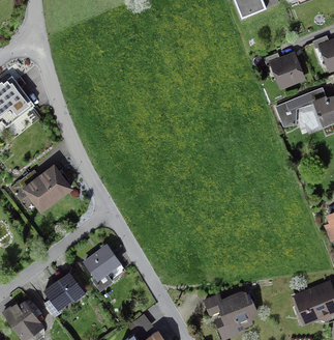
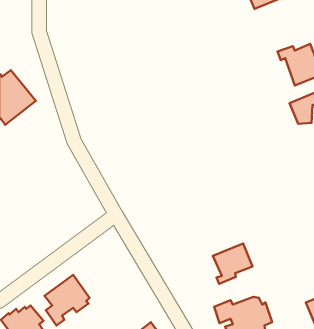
building: [10,163,73,214] -> none
building: none -> [213,244,252,284]
building: [83,244,126,291] -> none

